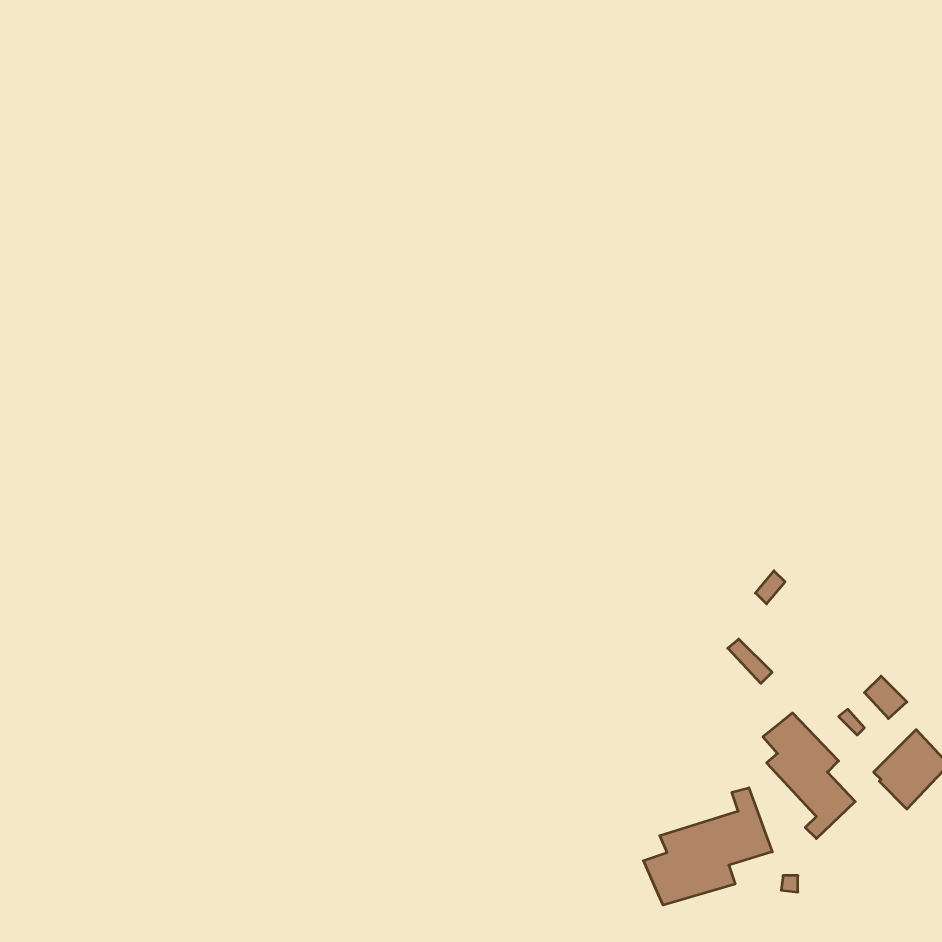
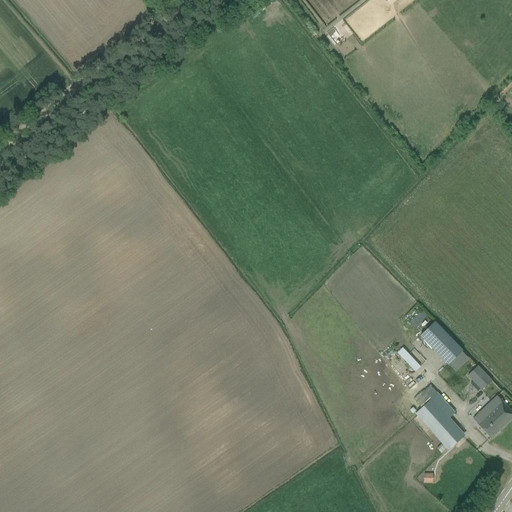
building: none -> [420,321,463,364]
building: [643,788,772,905] -> none

